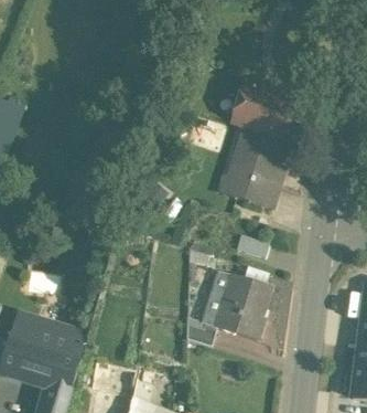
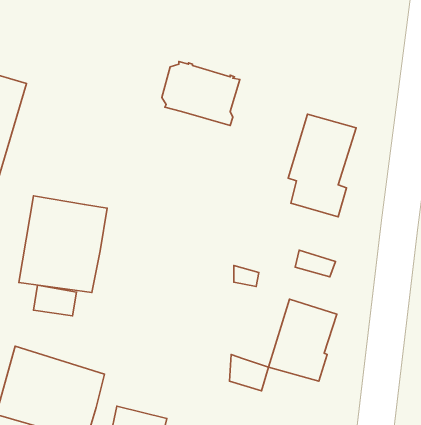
building: [233,87,294,138] -> [162,61,240,125]
building: none -> [19,196,107,293]
building: [197,268,234,328] -> none

